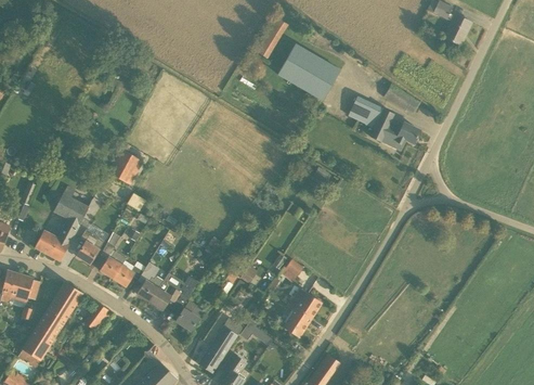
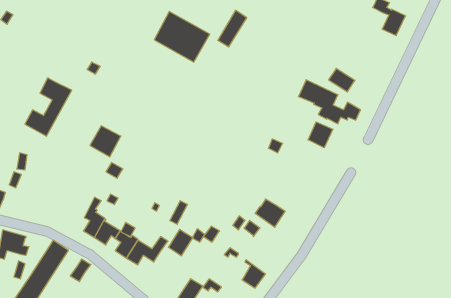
building: [276,42,340,101] -> [154,12,210,62]
building: none -> [308,122,333,148]
building: [35,194,89,261] -> [25,78,72,136]
building: [77,229,104,265] -> none
building: [287,288,322,321] -> [255,199,285,227]
building: [175,300,204,331] -> [168,229,193,256]

